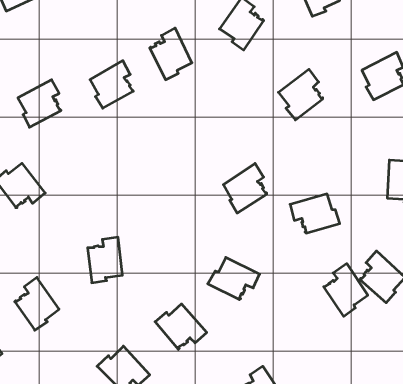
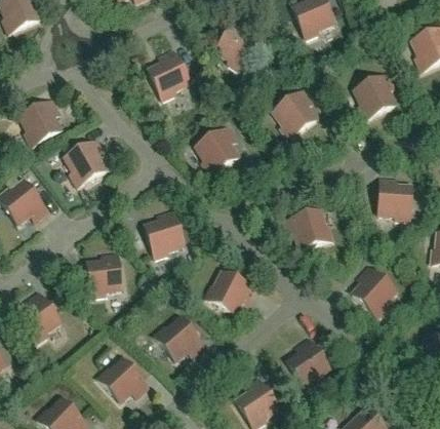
building: [90,61,133,108] -> [65,139,107,185]
building: [223,163,267,213] -> [196,125,238,173]
building: none -> [145,208,184,257]
building: [324,264,368,316] -> [286,337,329,388]

